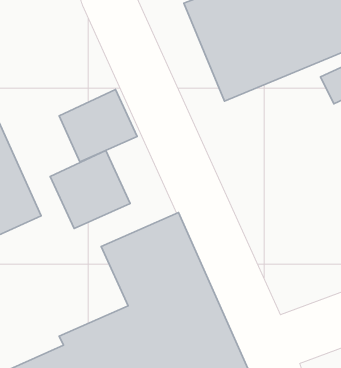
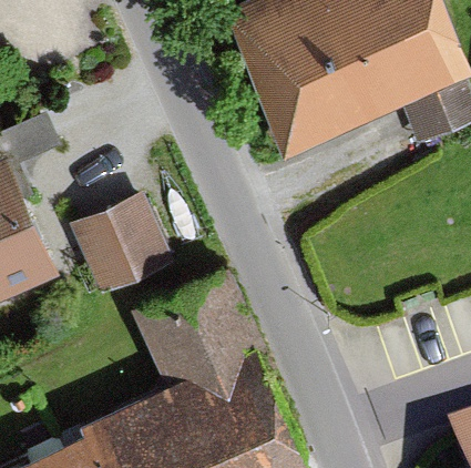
building: [59,90,137,162] -> none

